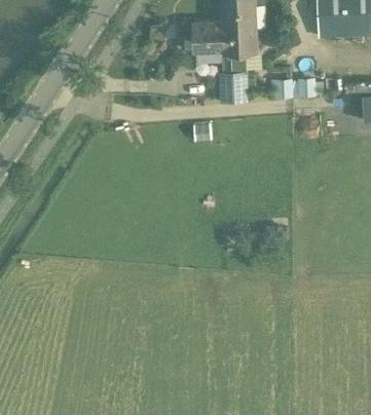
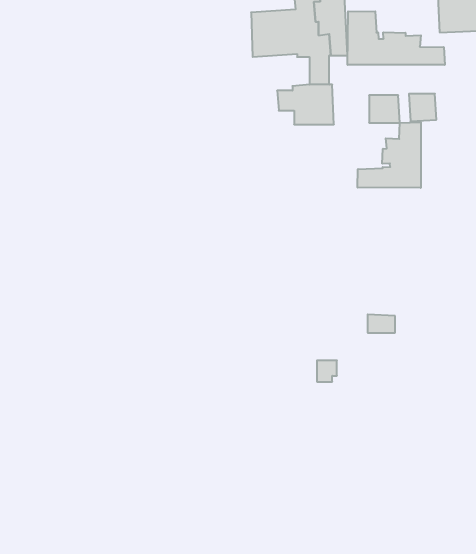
building: none -> [348,11,445,65]
building: none -> [358,122,421,188]

